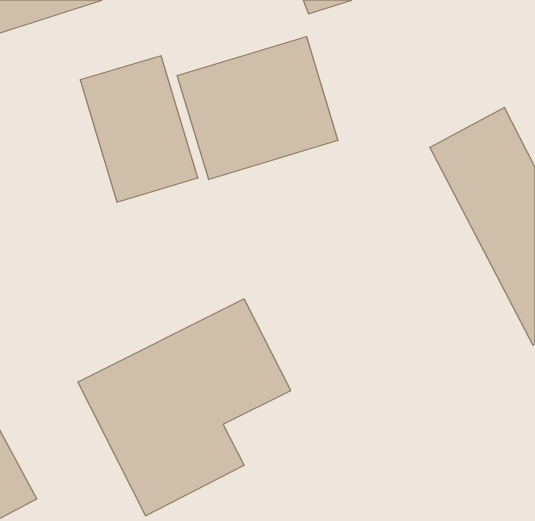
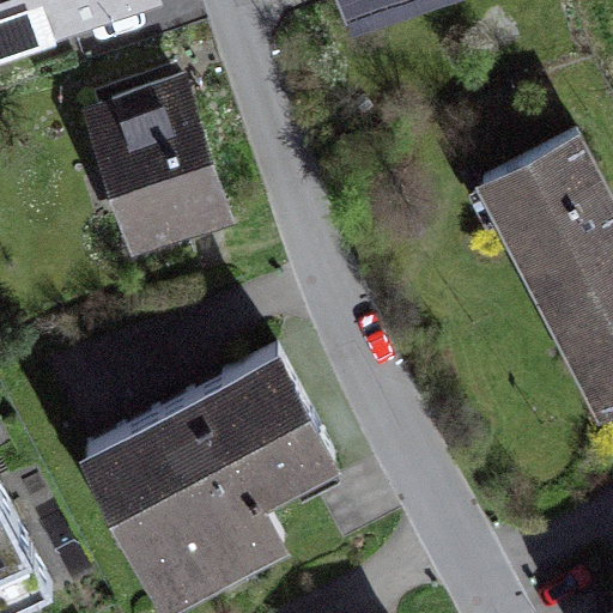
building: [177,37,338,180] -> none

